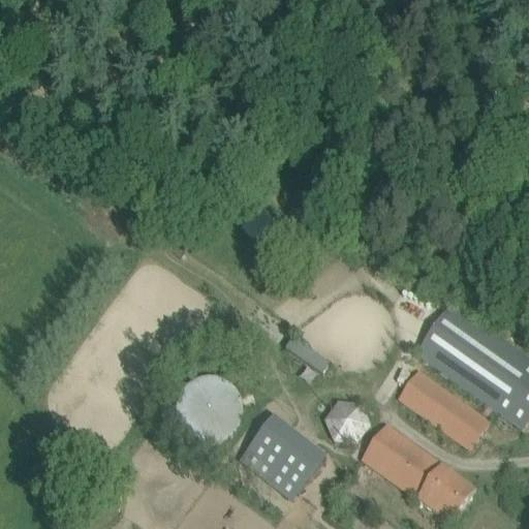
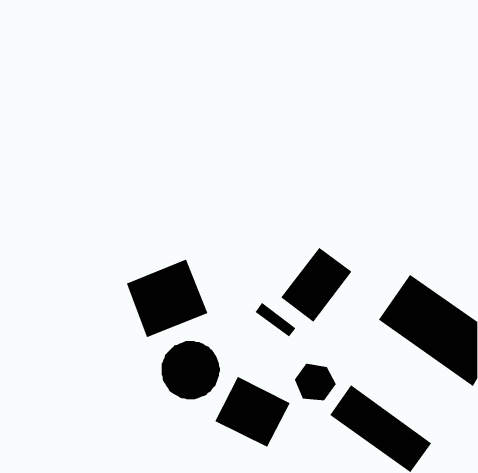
building: none -> [280,247,352,323]
building: none -> [126,258,208,338]
building: [400,371,491,448] -> none

